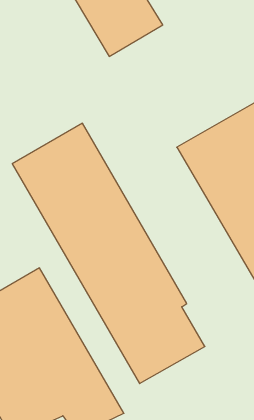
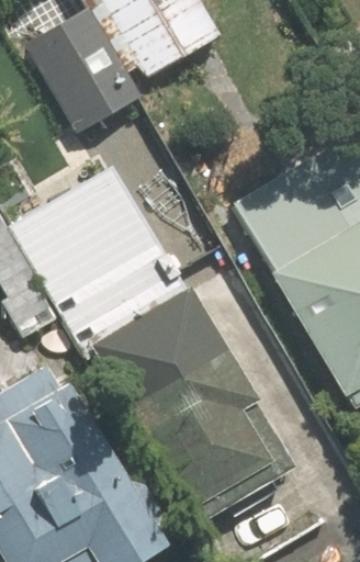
building: none -> [23,10,134,136]

